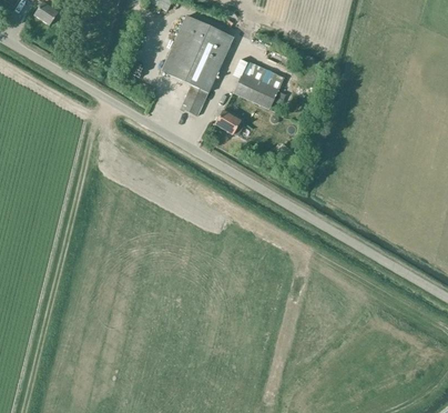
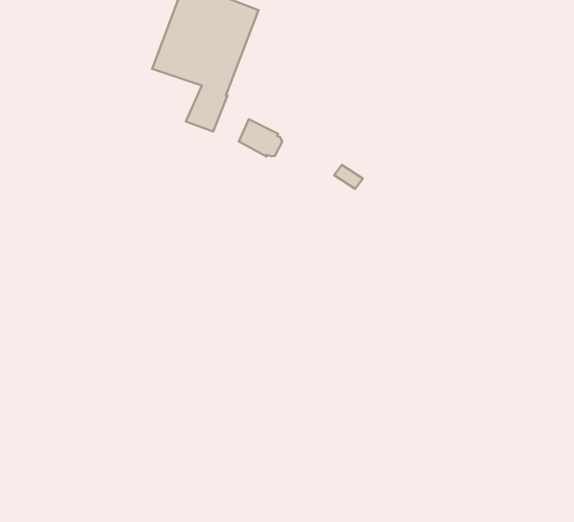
building: [233,60,285,109] -> none

